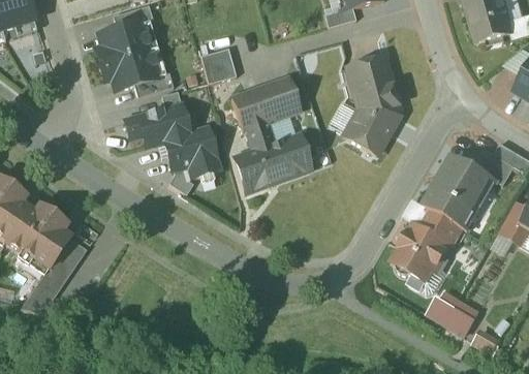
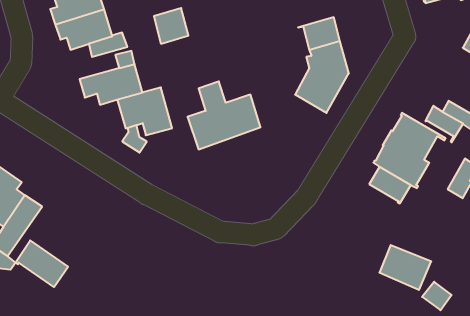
building: [231,76,302,129] -> none
building: [393,222,449,280] -> none
building: none -> [16,240,68,287]

